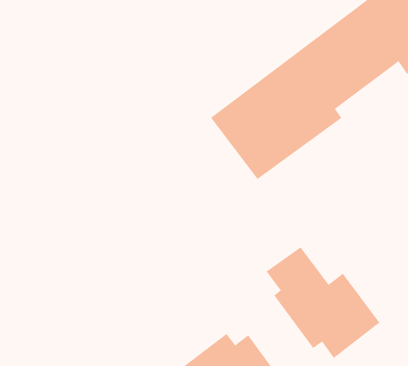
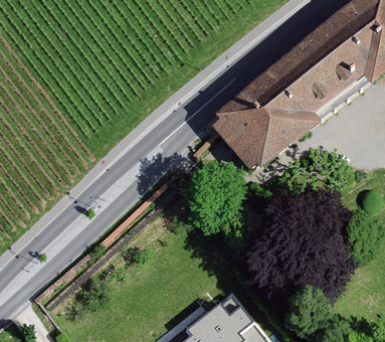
building: [266,246,380,359] -> none

